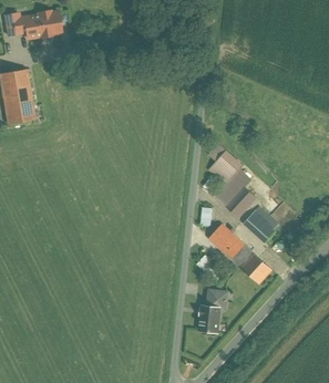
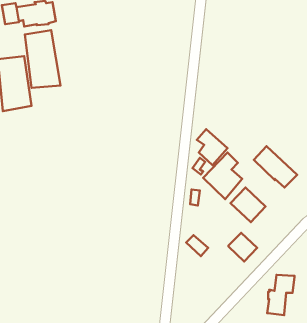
building: none -> [25,30,61,88]
building: [209,224,255,267] -> [254,146,297,187]
building: [199,290,228,332] -> [267,275,295,315]

